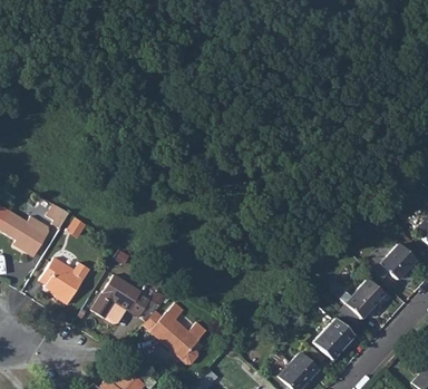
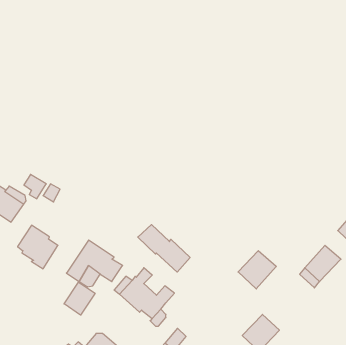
building: none -> [138,225,190,272]
building: [311,319,351,359] -> [238,251,276,289]
building: none -> [64,282,95,315]

